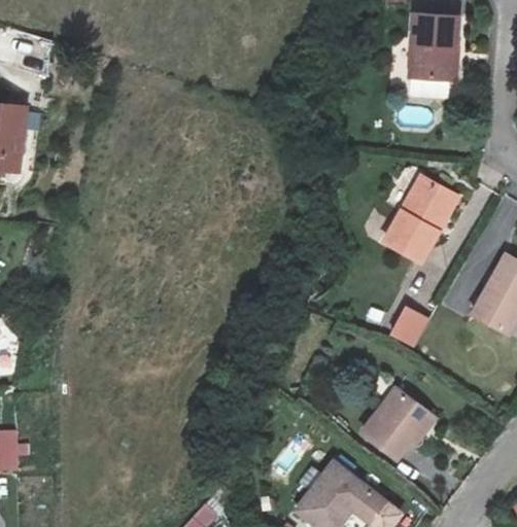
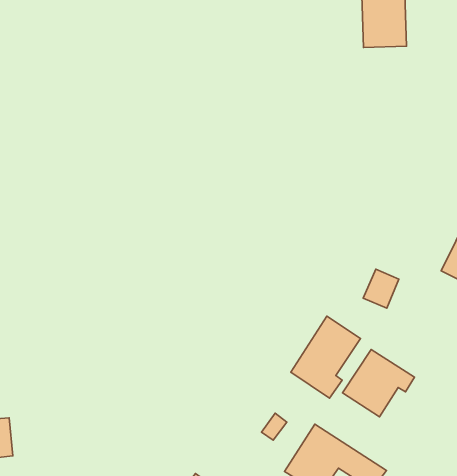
building: [385,178,457,260] -> none
building: none -> [291,316,361,398]

